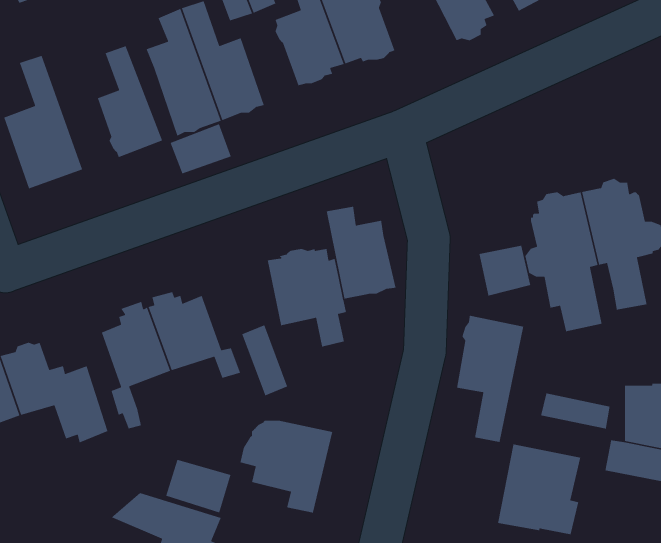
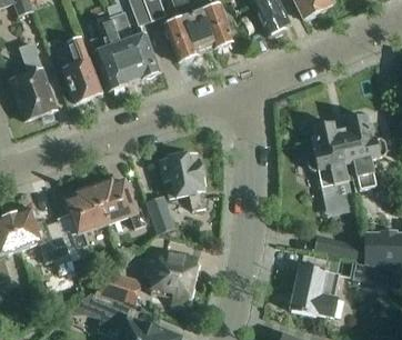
building: [170,123,232,174] -> none
building: [326,206,397,300] -> none
building: [478,245,531,296] -> none
building: [456,315,524,443] -> none

